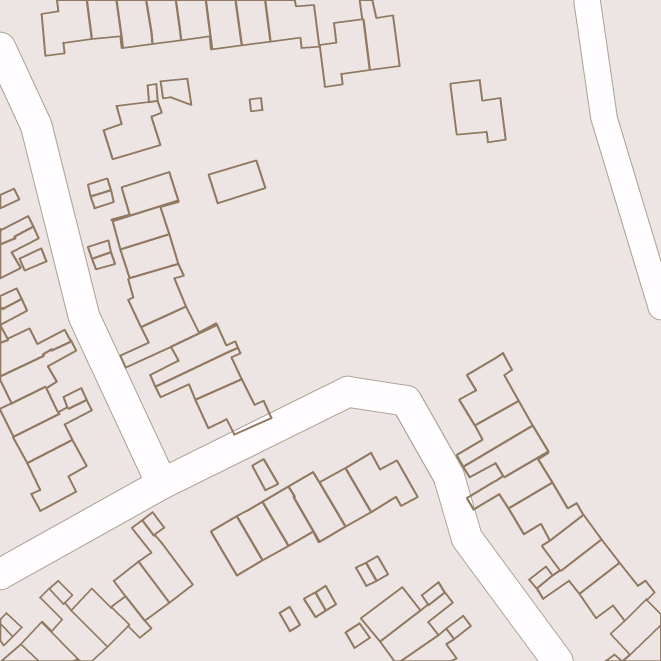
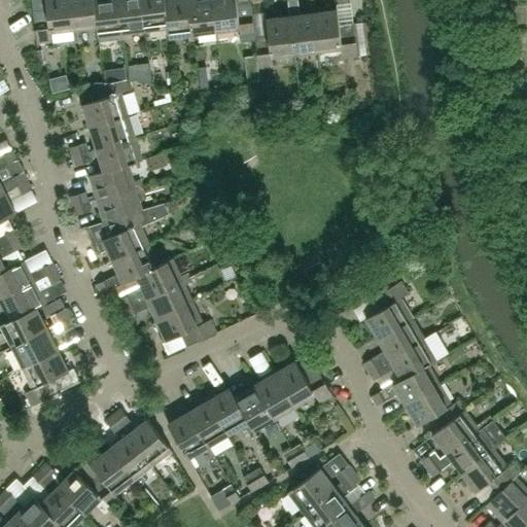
building: [450,80,506,142] -> [313,9,357,59]
building: [209,161,265,203] -> [90,115,135,149]
building: none -> [129,418,172,465]

